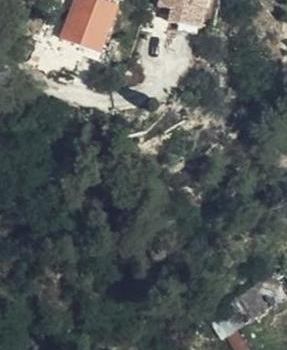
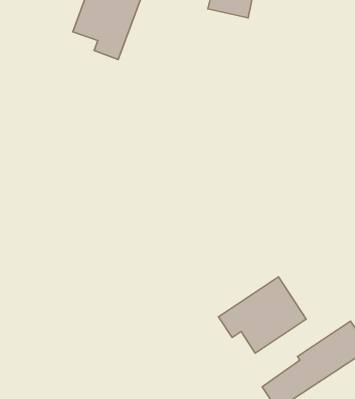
building: none -> [219,277,306,353]

